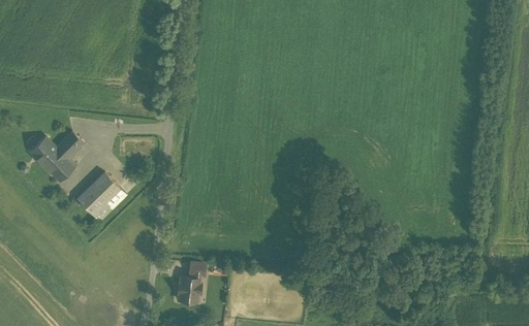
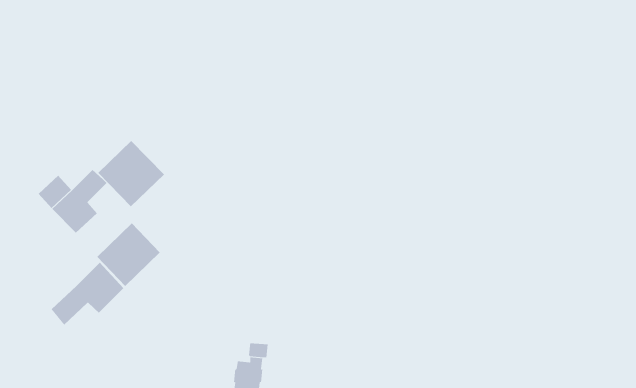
building: none -> [97,140,165,207]
building: none -> [51,262,124,325]

